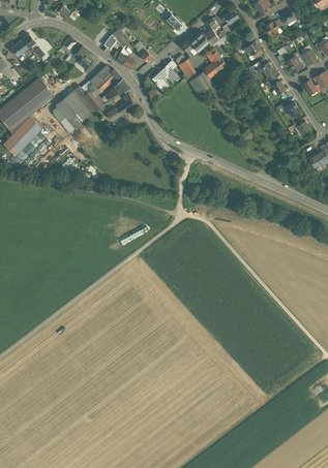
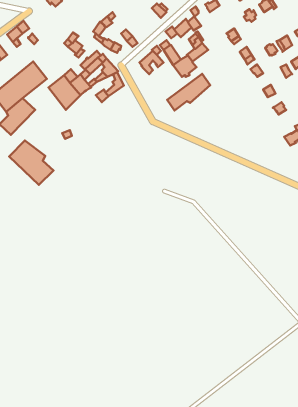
building: none -> [167,74,210,111]
building: none -> [9,141,53,185]

